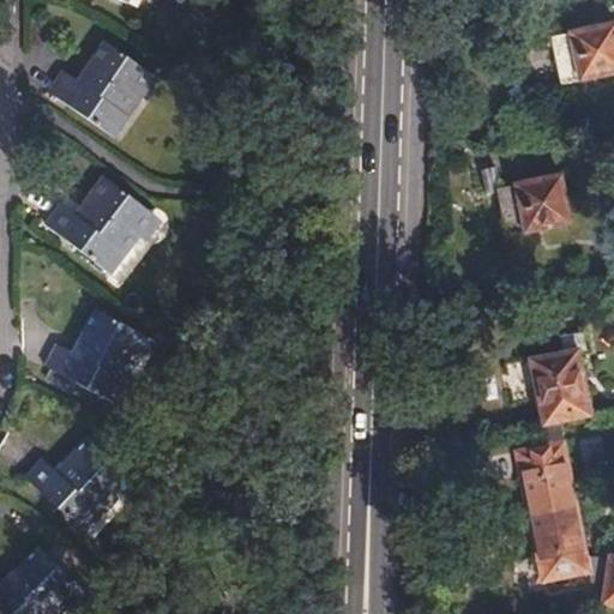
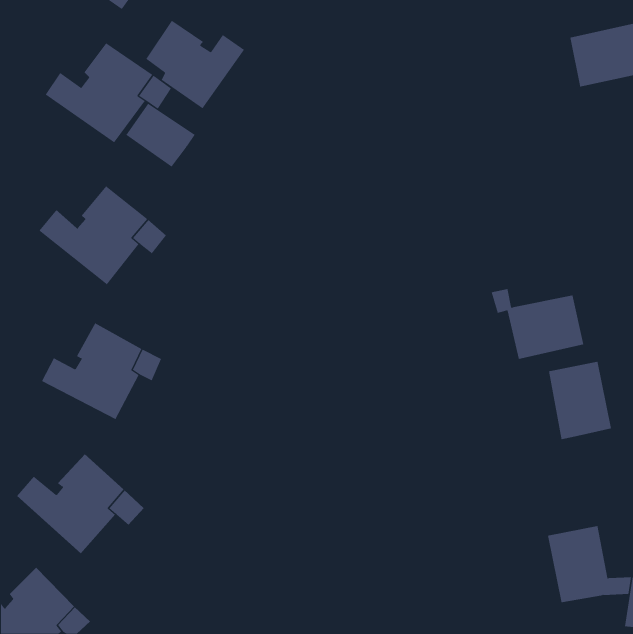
building: none -> [146,20,245,109]
building: none -> [126,103,196,167]
building: [482,168,572,236] -> [491,289,584,360]
building: [517,420,579,516] -> none

